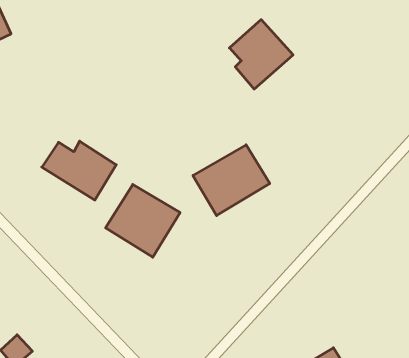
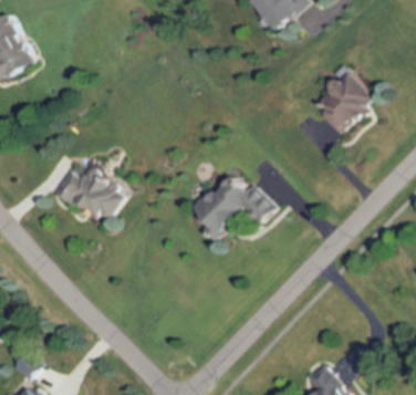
building: [229,20,293,89] -> [313,69,373,134]
building: [106,184,180,257] -> none

